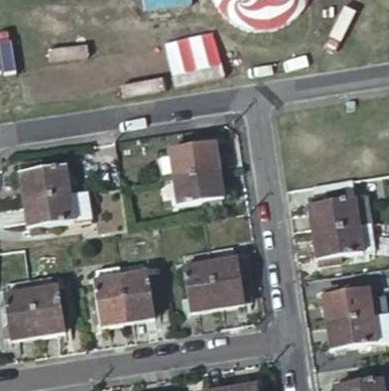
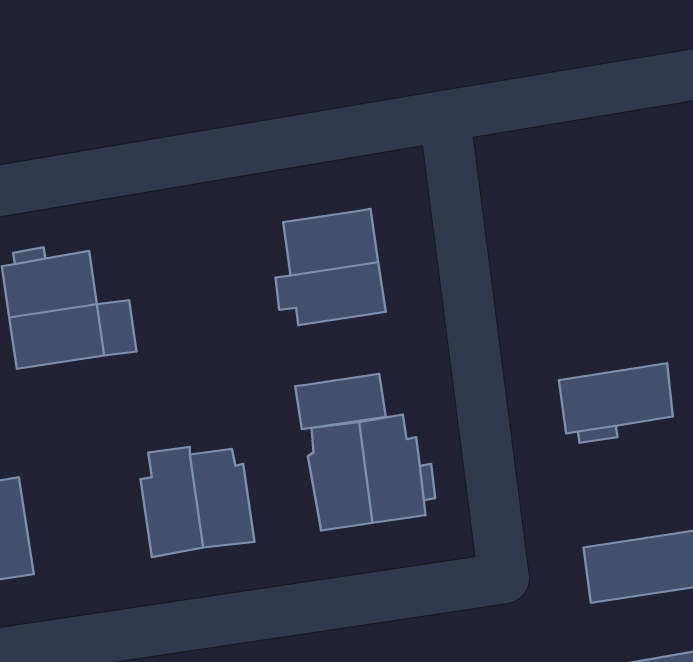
building: [310,178,372,232] -> none
building: none -> [295,374,386,429]
building: [28,279,63,335] -> none
building: [323,287,374,320] -> none

